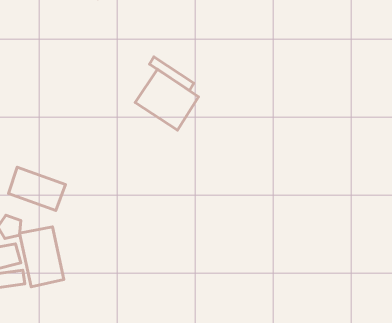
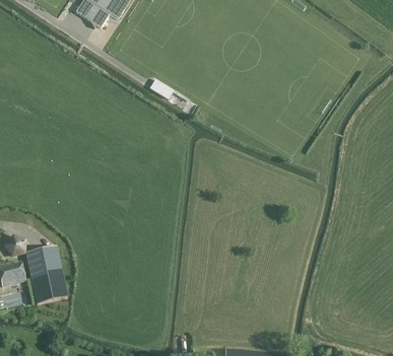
building: [135,69,199,130] -> none
building: [9,167,65,210] -> none

